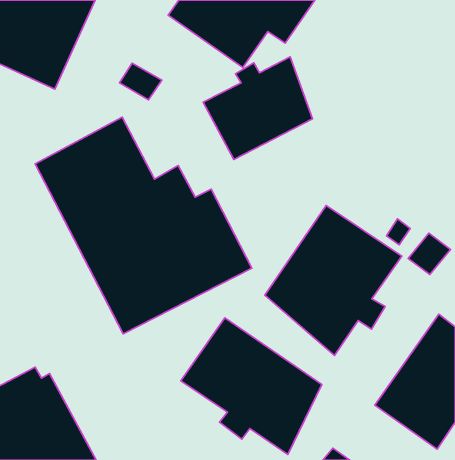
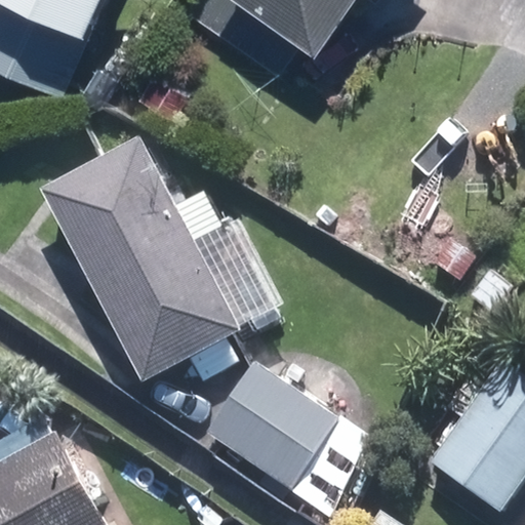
building: [203,57,312,160] -> none
building: [265,205,402,356] -> none

